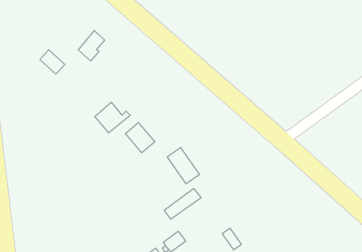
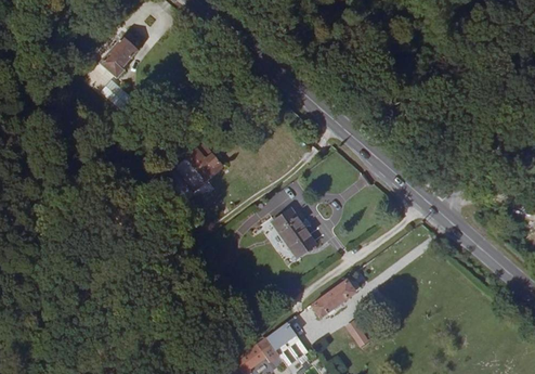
building: [78,30,105,61] -> [100,37,135,78]
building: [125,122,155,153] -> none
building: [164,189,201,219] -> [312,275,362,317]

